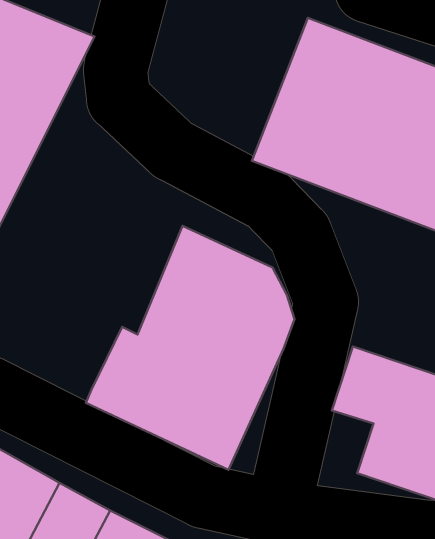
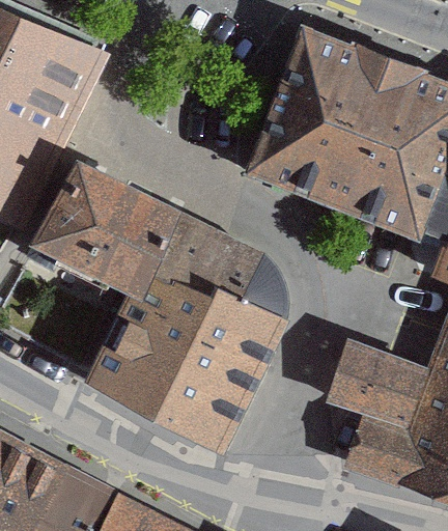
building: none -> [37,175,185,327]

